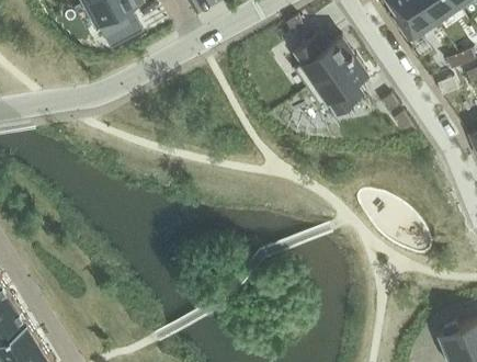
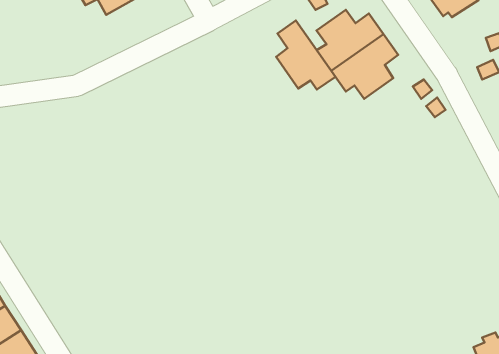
building: none -> [276,21,335,90]

